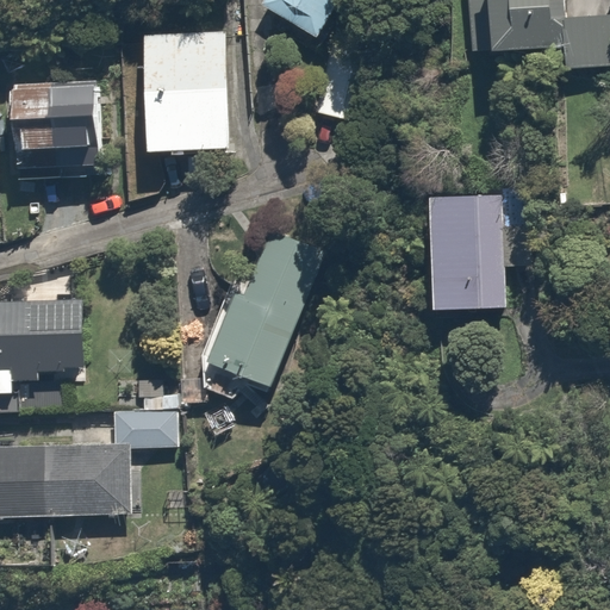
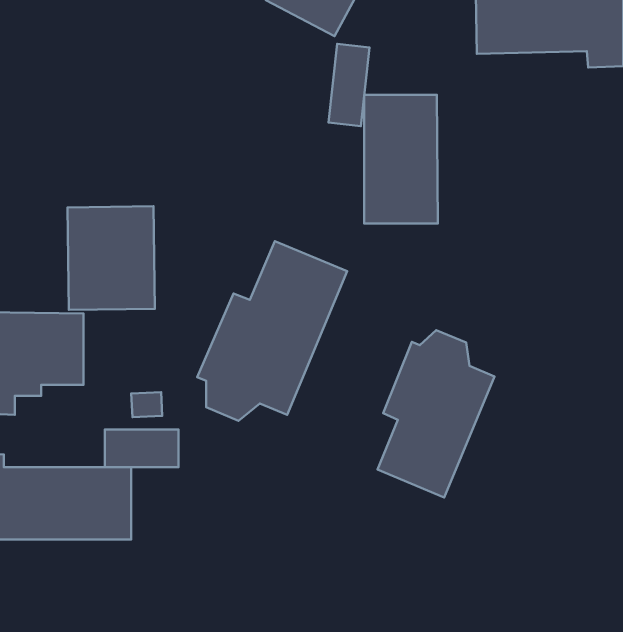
building: [145,24,231,152] -> none
building: [12,83,95,182] -> [67,206,155,310]
building: [431,191,502,313] -> [364,95,438,224]
building: none -> [378,330,495,497]

